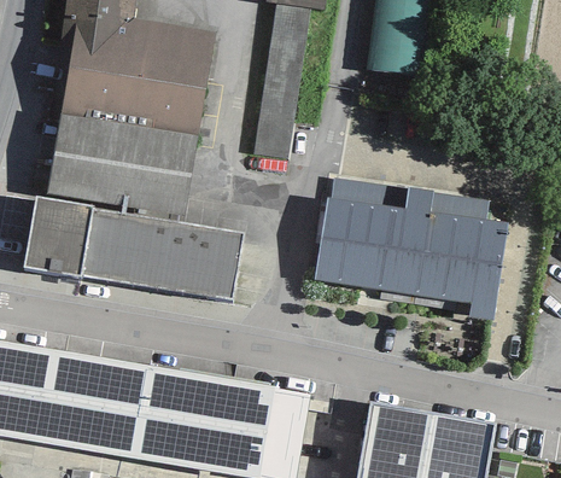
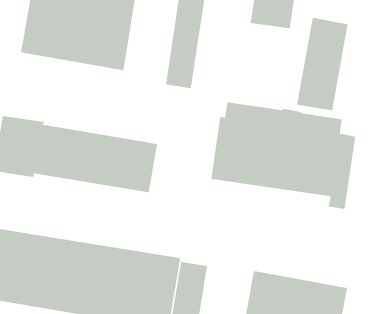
building: none -> [297,17,348,111]
building: [46,113,198,217] -> none

